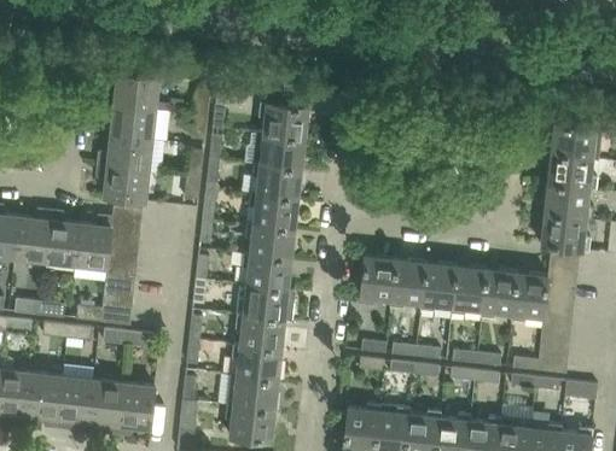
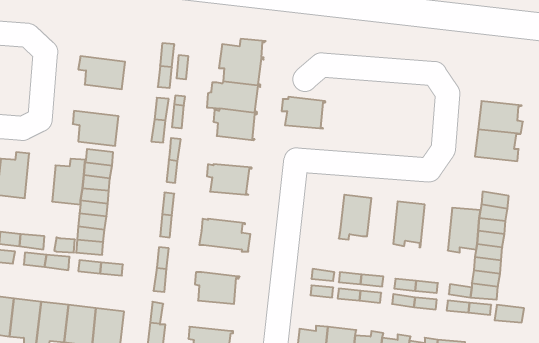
building: [105,74,158,111] -> none
building: [550,115,602,159] -> none
building: [98,136,151,171] -> none
building: [249,193,297,228] -> [282,97,325,129]
building: [43,212,77,265] -> none
building: [540,216,589,252] -> none
building: [242,254,291,289] -> none
building: [361,256,397,304] -> none
building: [422,262,457,312] -> none
building: [482,269,517,320] -> none
building: [234,314,284,348] -> none
building: [226,374,278,409] -> none

